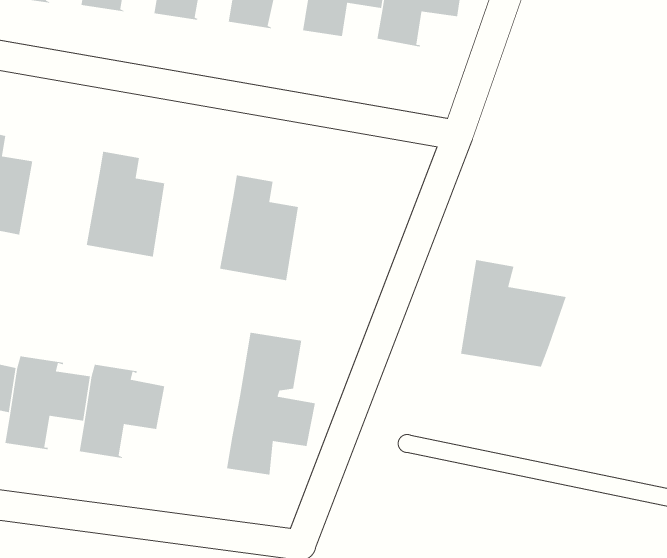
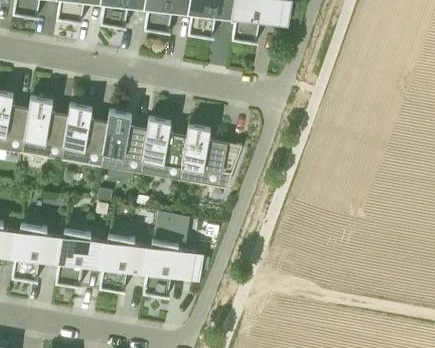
building: none -> [21,95,68,158]
building: none -> [100,109,147,172]
building: [460,259,567,368] -> [179,123,242,187]
building: none -> [99,233,151,289]

